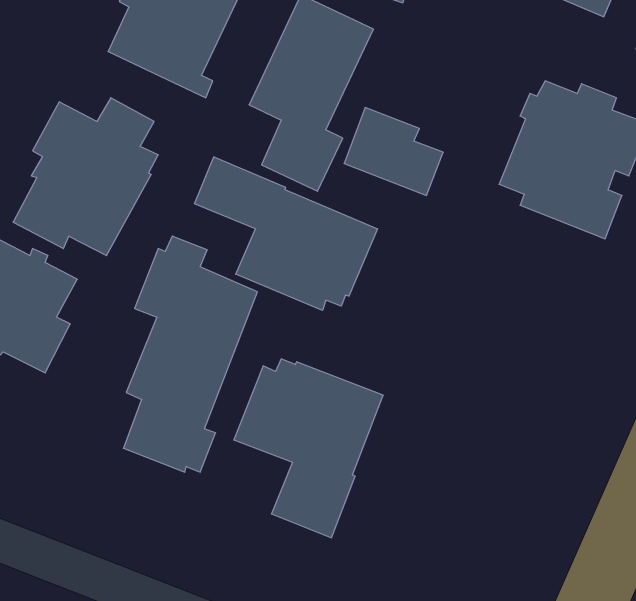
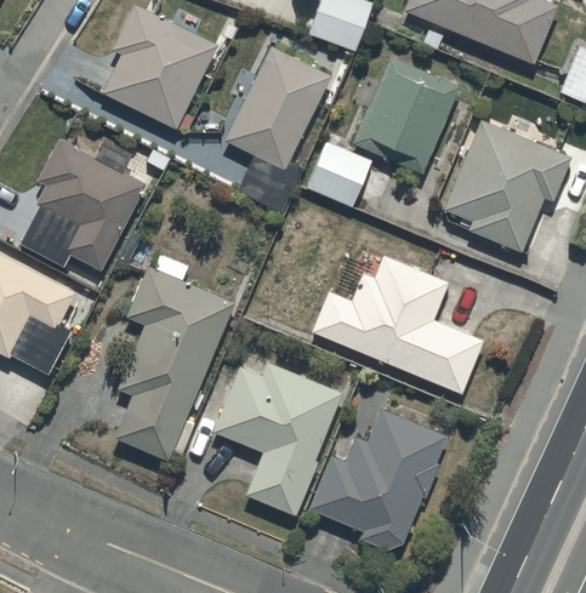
building: none -> [352,58,459,176]
building: [195,157,378,310] -> none
building: none -> [311,253,484,395]
building: none -> [308,407,448,551]

